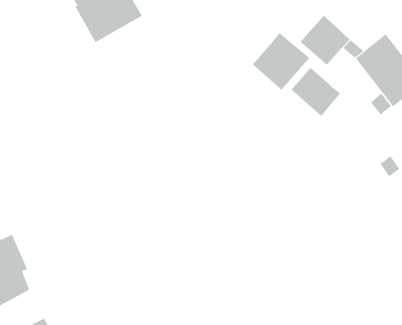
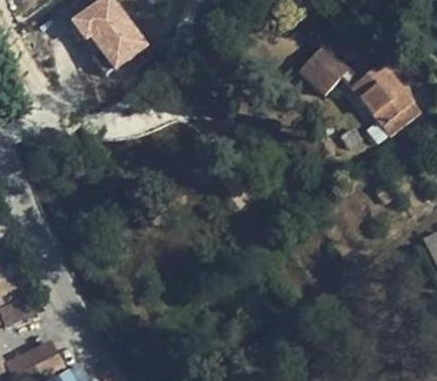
building: [252,32,310,90] -> none
building: [291,67,341,117] -> none

